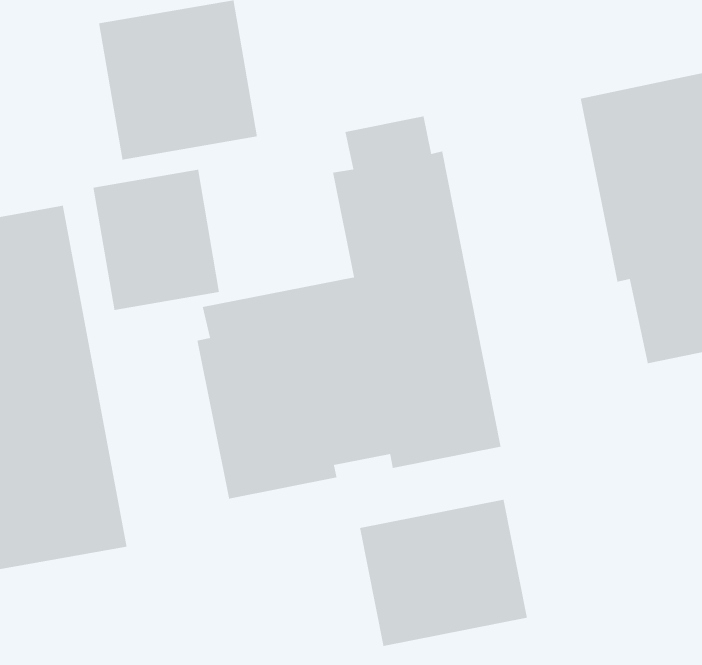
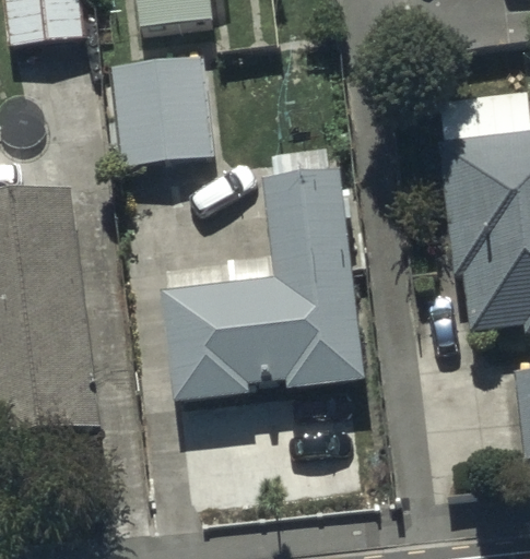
building: [93,169,220,311] -> none
building: [359,499,528,647] -> none

